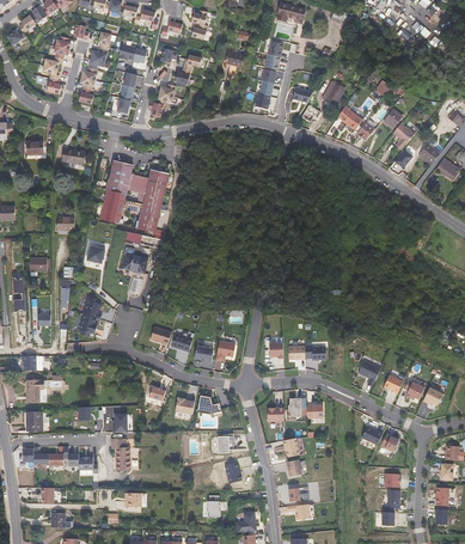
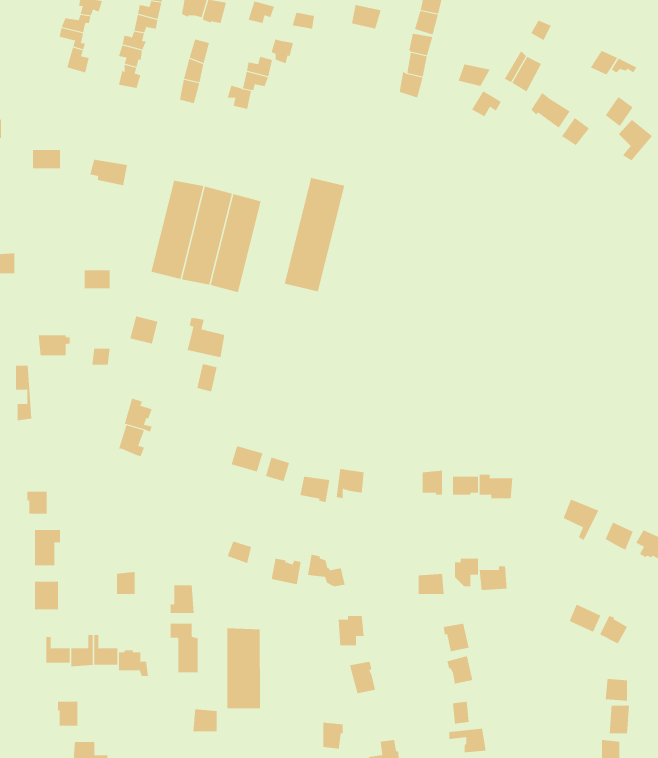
building: none -> [284,177,345,292]
building: none -> [227,627,261,709]

